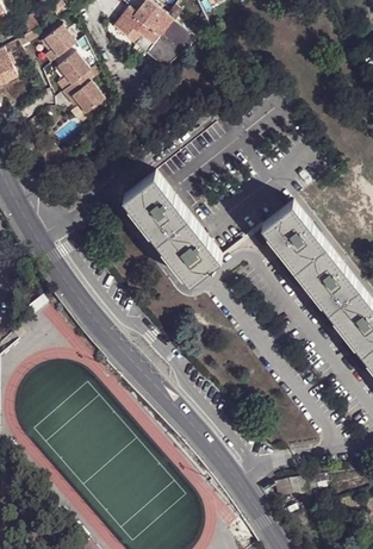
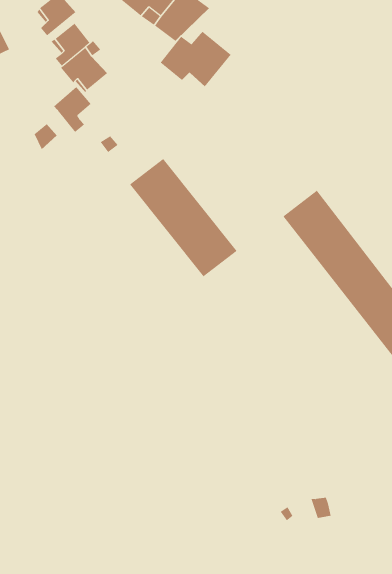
building: none -> [160,31,231,87]
building: none -> [53,86,92,133]

